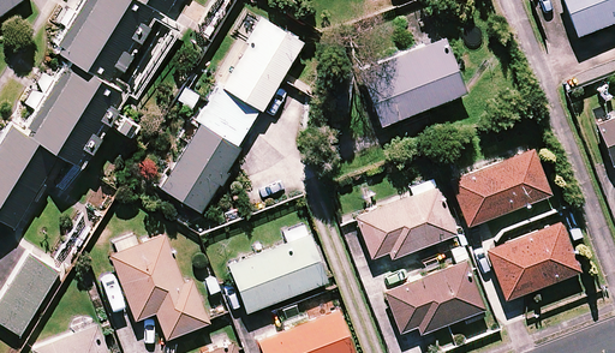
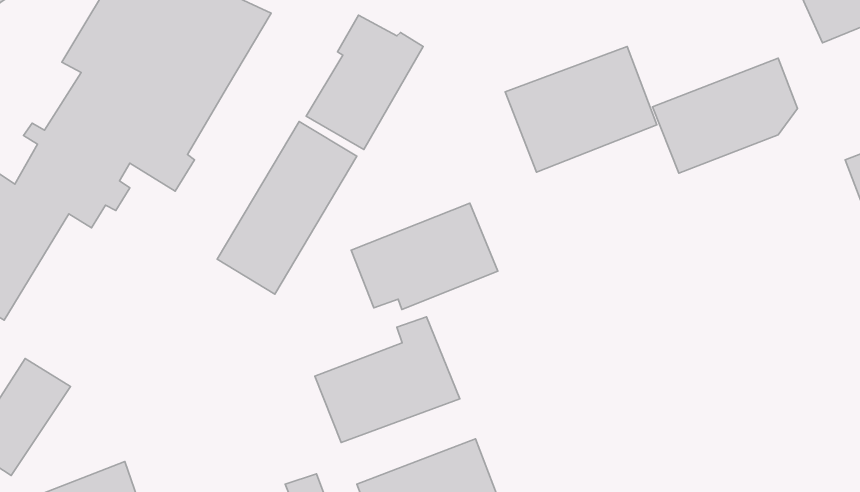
building: [449,148,549,227] -> [653,58,797,173]
building: [356,186,456,259] -> [351,203,498,309]
building: [486,222,579,300] -> none
building: [111,233,209,340] -> none
building: [384,262,484,335] -> none

